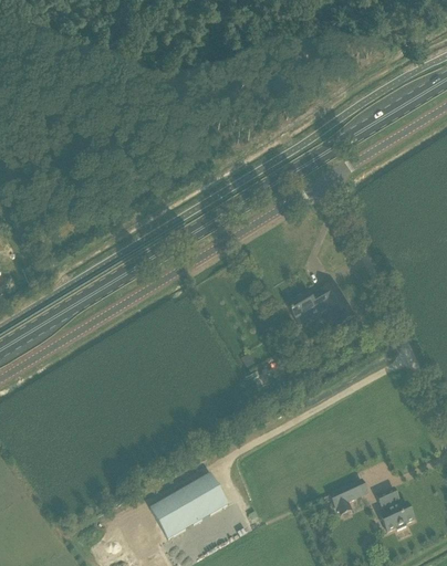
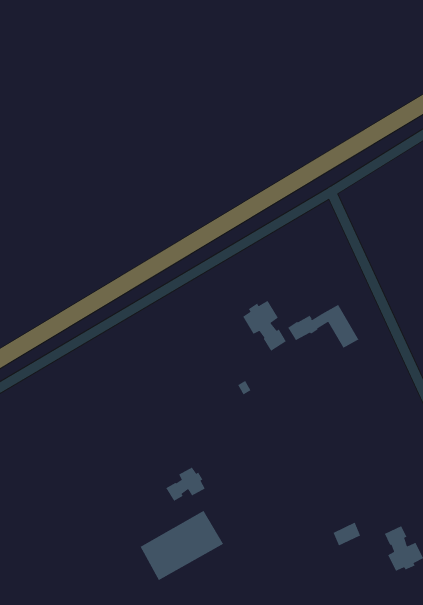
building: none -> [242,300,287,352]
building: none -> [165,466,206,502]

